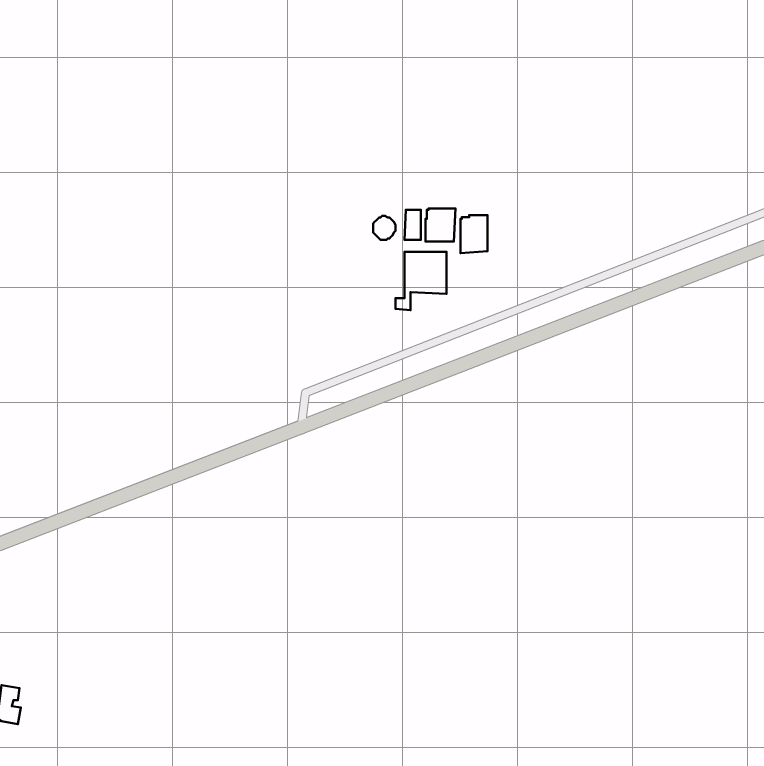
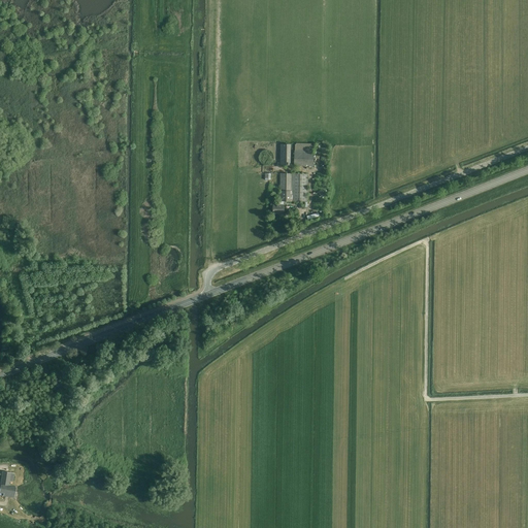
building: [460,215,488,253] -> none

